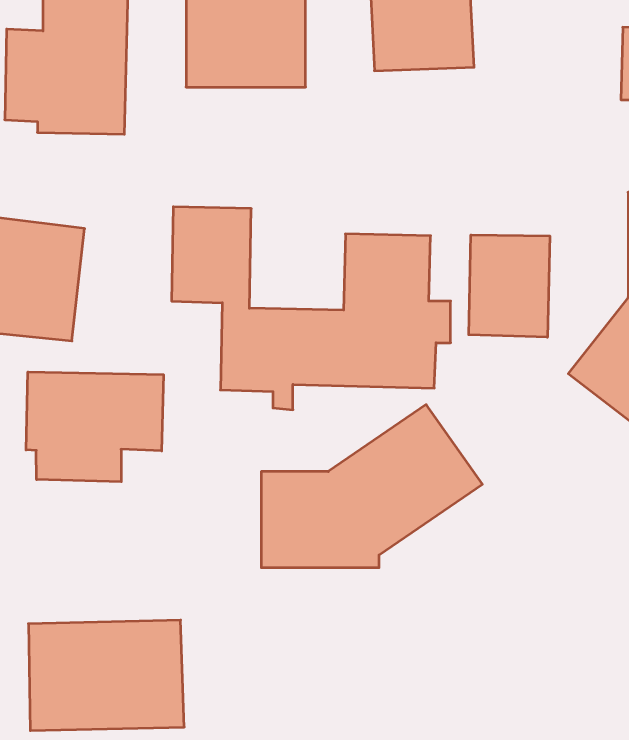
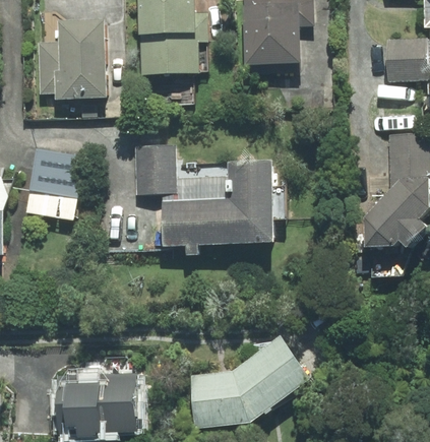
building: [469,235,550,337] -> none
building: [26,372,163,482] -> none
building: [261,405,482,568] -> [190,335,314,427]

